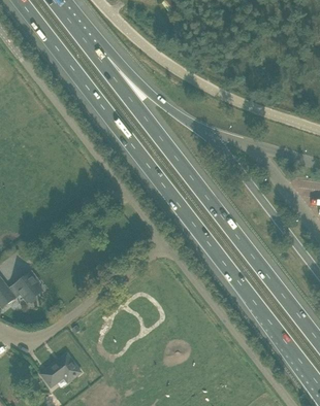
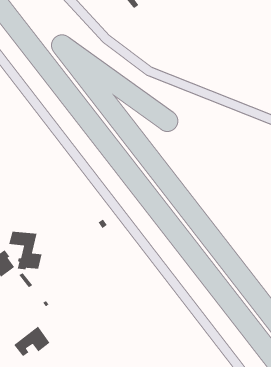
building: none -> [8,231,43,270]

